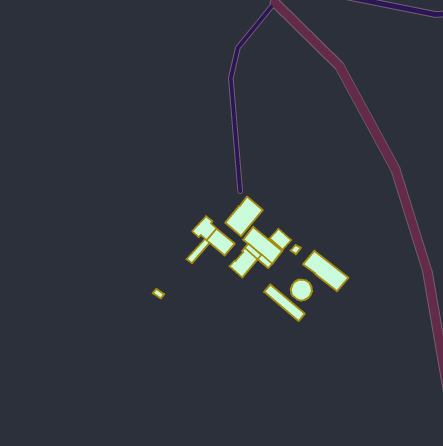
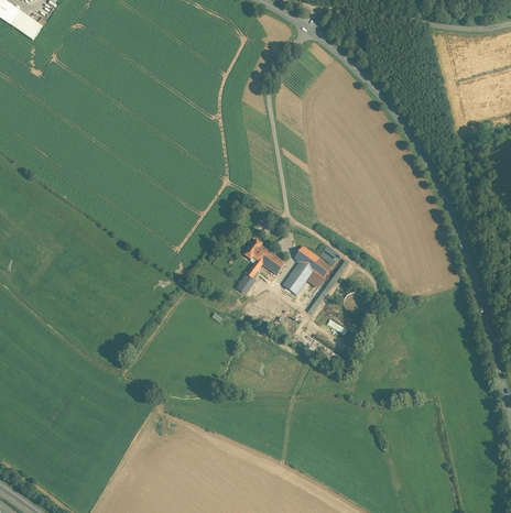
building: [225,197,263,236] -> none
building: [303,251,348,291] -> none

